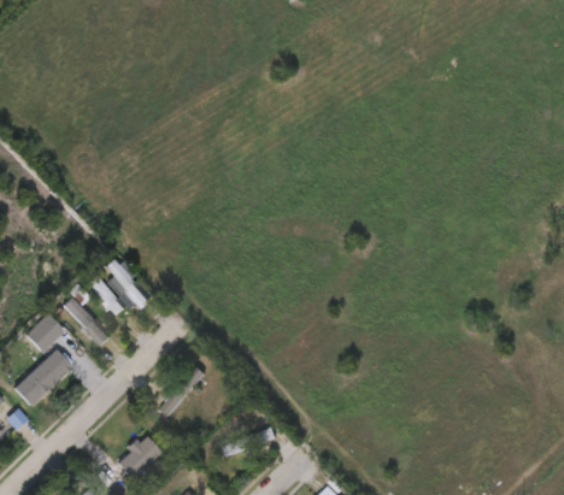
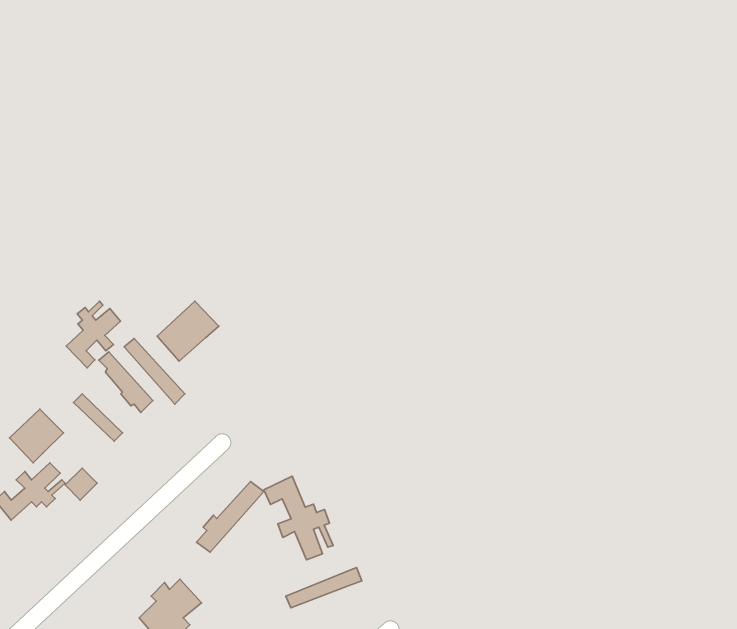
building: none -> [66,301,120,368]
building: none -> [157,301,219,361]
building: none -> [264,476,333,560]

